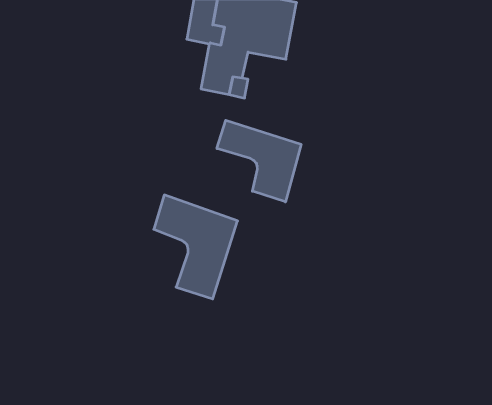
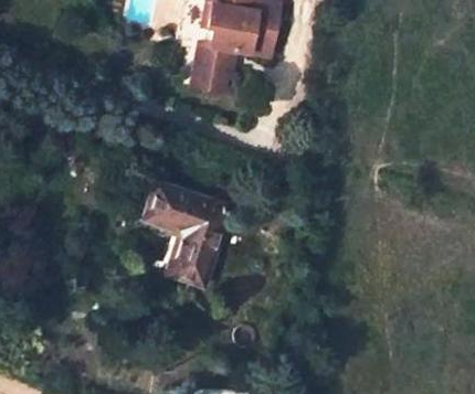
building: [217,120,301,202] -> none

